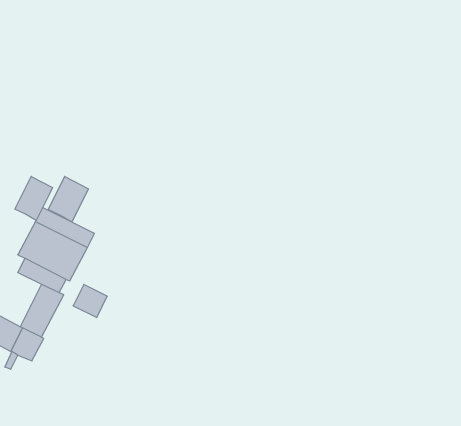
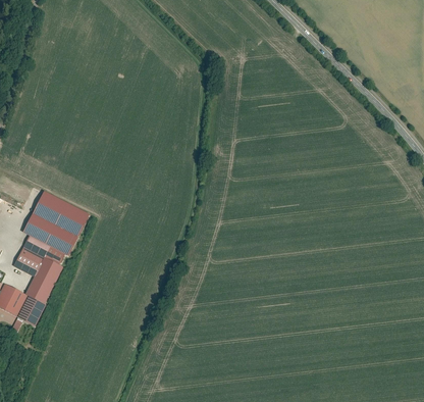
building: [48,176,88,222] -> none
building: [15,176,52,220] -> none
building: [73,284,107,318] -> [14,247,44,275]

